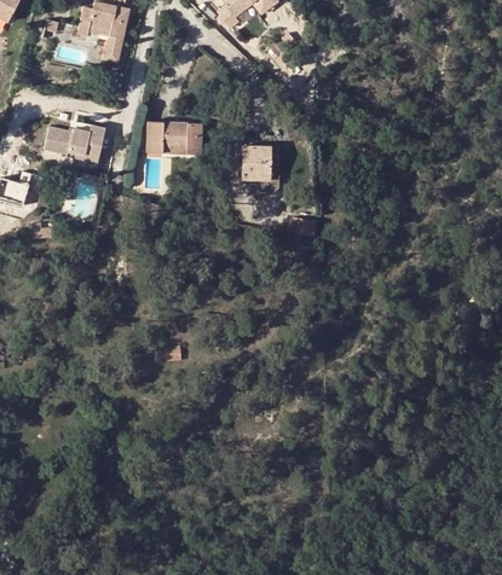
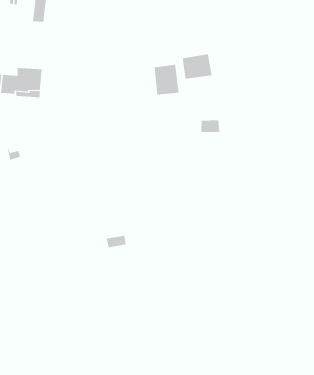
building: [146,122,202,155] -> none
building: none -> [182,53,212,79]

